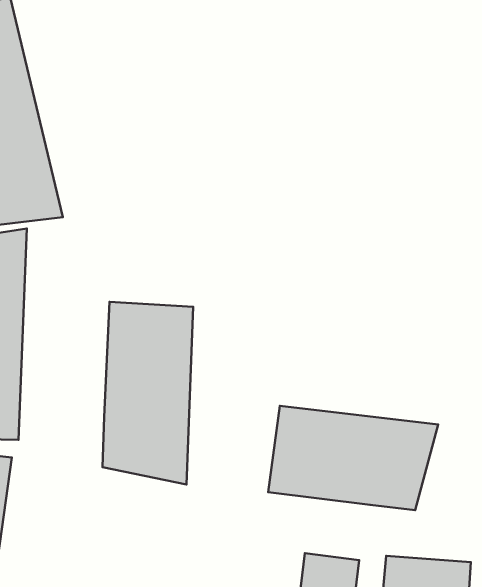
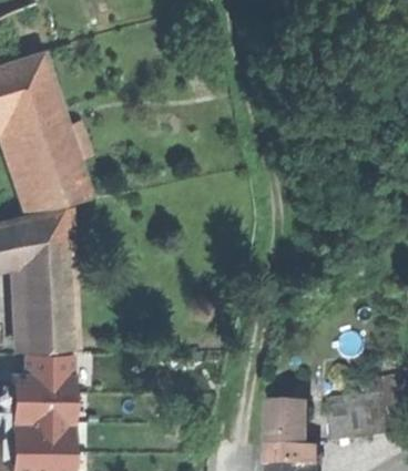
building: [102,302,193,485] -> none
building: [268,406,438,510] -> none

